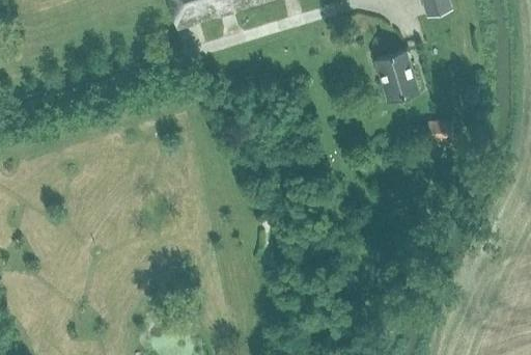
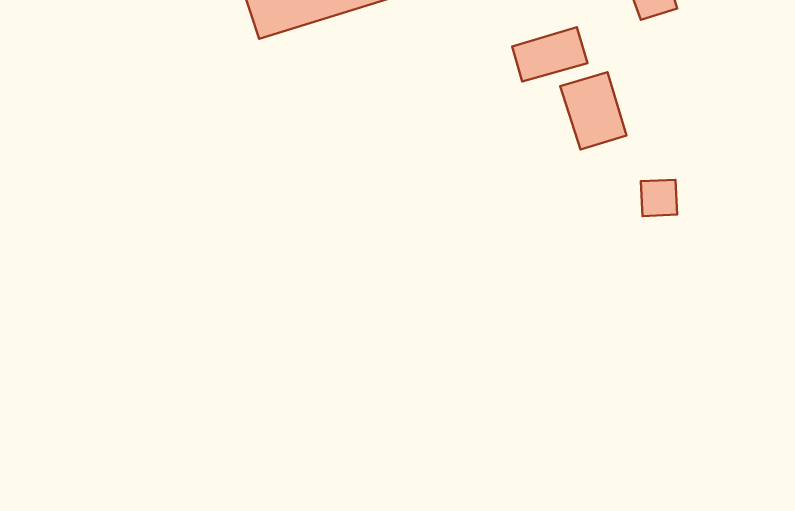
building: none -> [512,27,587,81]

